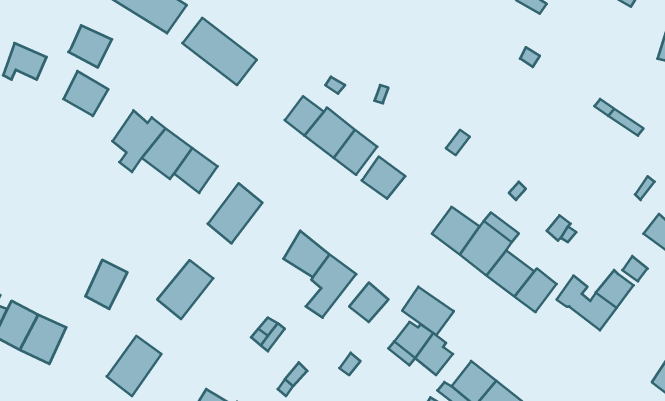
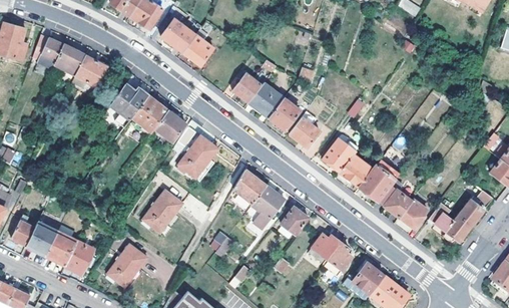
building: [68,25,112,67] -> [54,45,85,75]
building: none -> [321,137,355,172]
building: [85,260,127,309] -> [65,239,95,274]
building: [402,287,454,335] -> none

